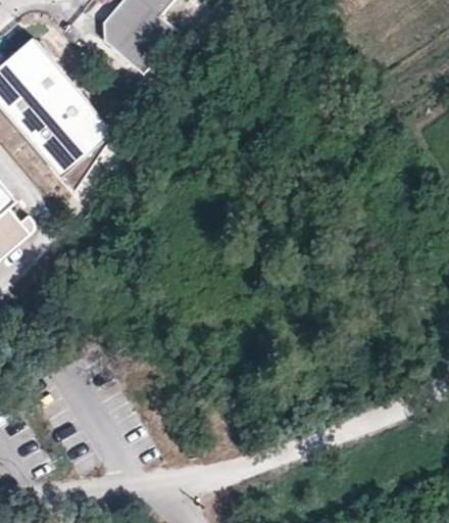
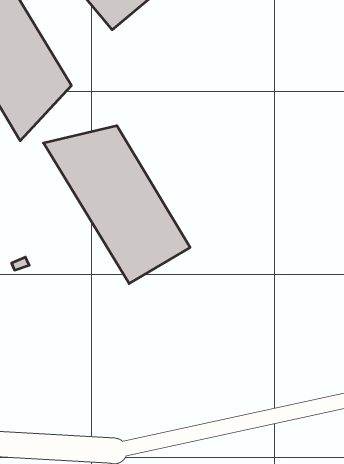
building: none -> [43,126,190,284]

